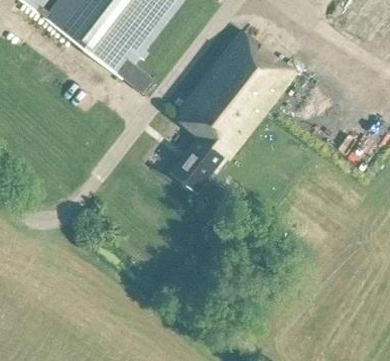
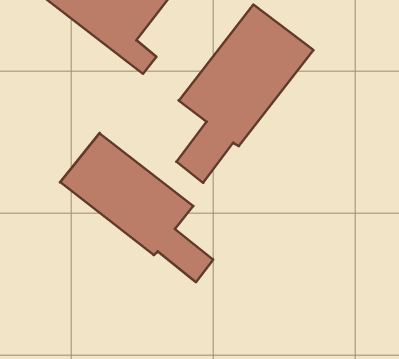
building: none -> [60,133,213,282]

